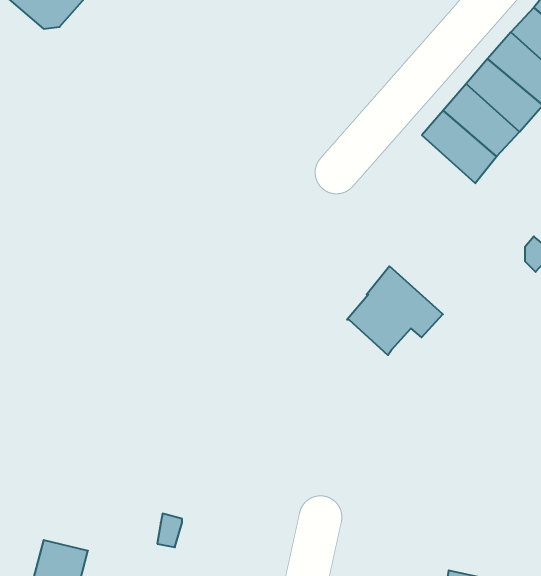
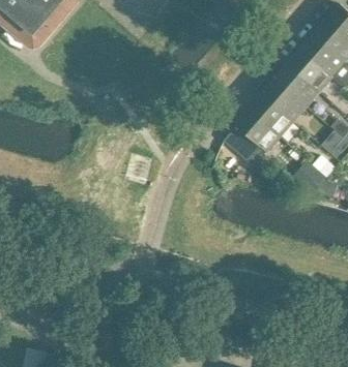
building: [347,266,443,355] -> [226,110,282,161]

